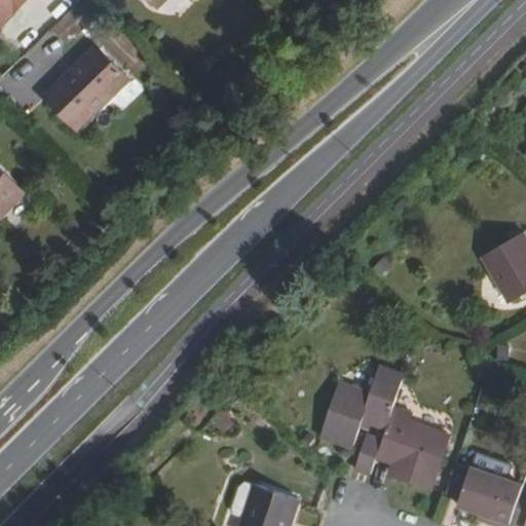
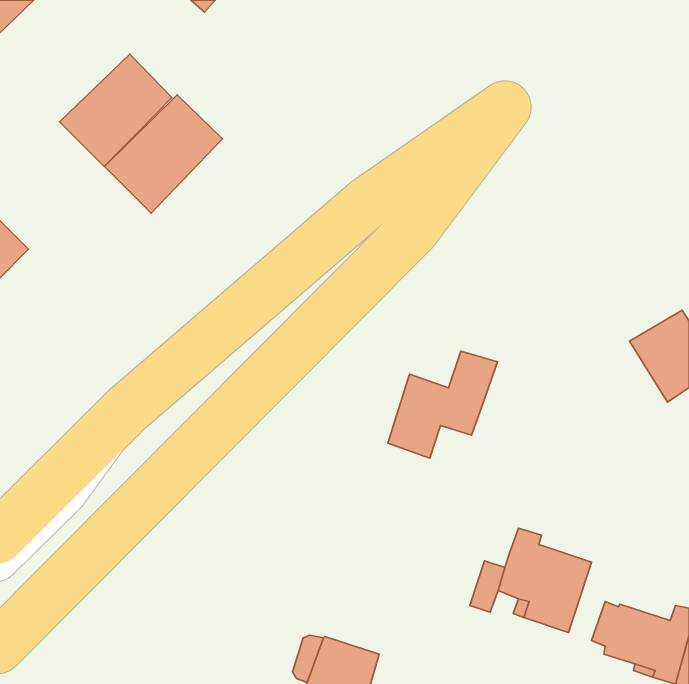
building: none -> [104,95,223,213]
building: [324,361,407,442] -> [388,351,497,458]

